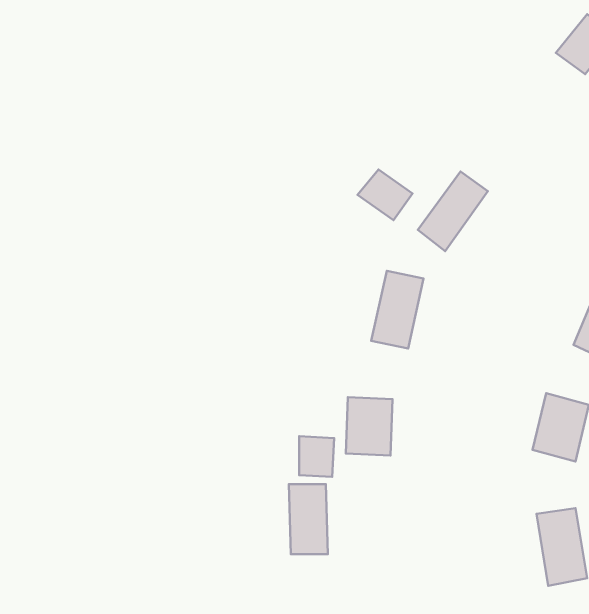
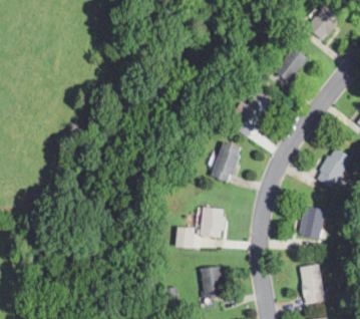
building: none -> [276,45,307,82]
building: [357,169,413,220] -> none
building: [289,484,328,554] -> [202,267,222,303]

